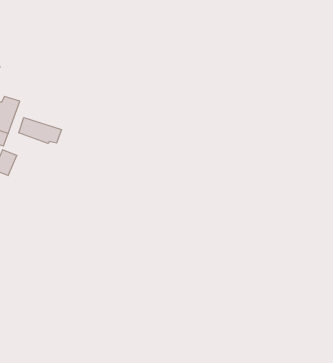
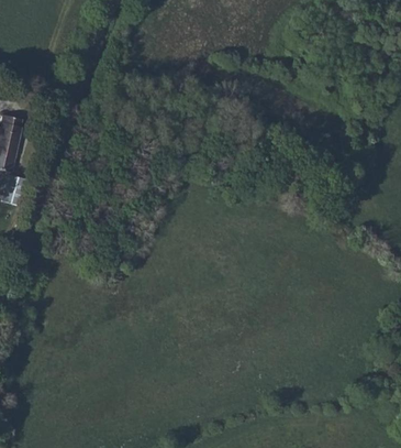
building: [19,118,61,143] -> none

